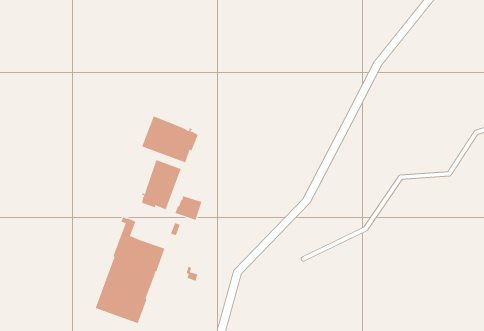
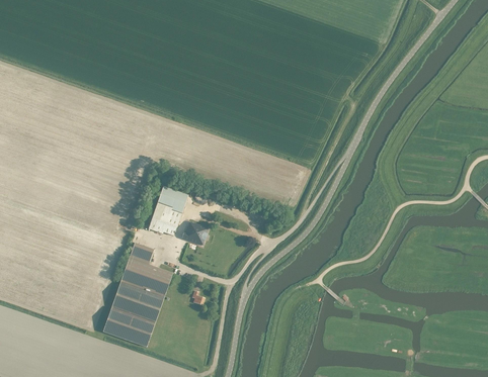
building: [141,115,198,163] -> none

